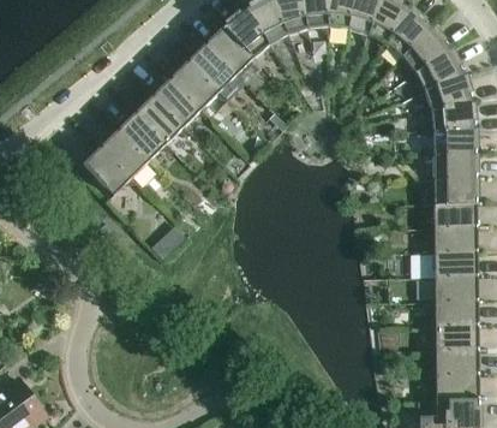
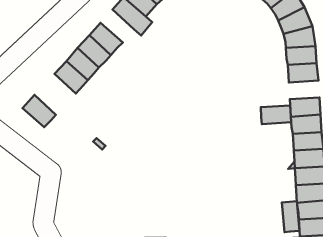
building: [172,60,218,108] -> none
building: [84,147,131,194] -> [23,95,56,127]
building: [433,179,475,203] -> [261,105,291,124]
building: none -> [282,201,299,232]

